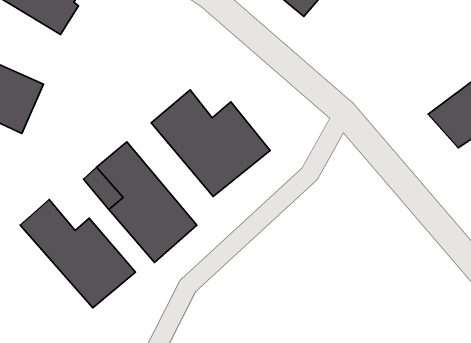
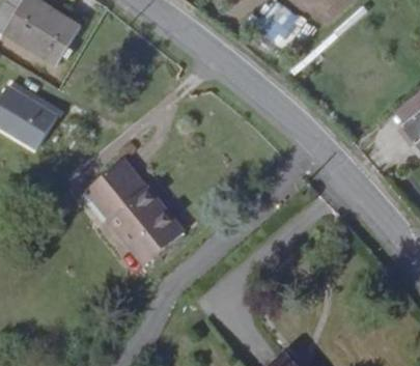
building: [151,90,270,196] -> none
building: [20,199,135,308] -> none

